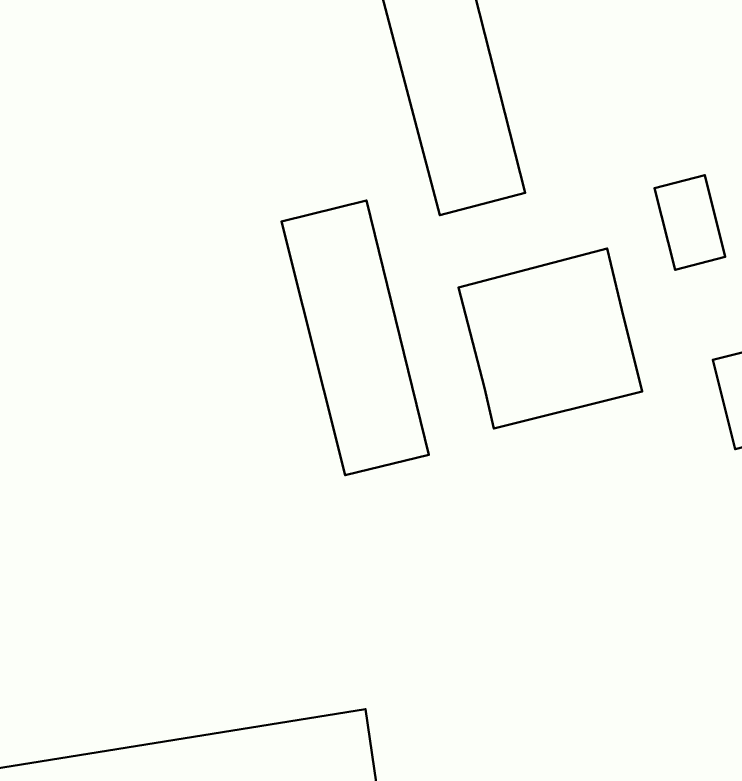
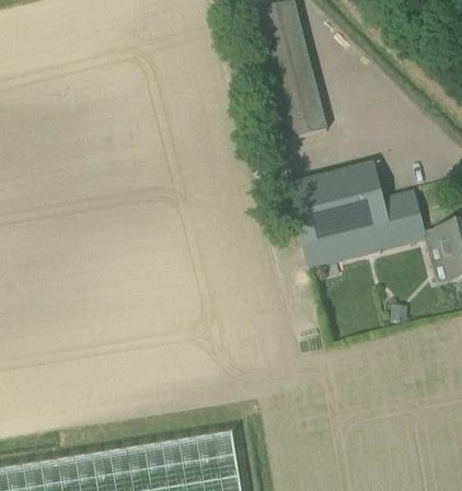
building: [655,175,725,270] -> [384,190,426,246]
building: [282,200,429,475] -> none

